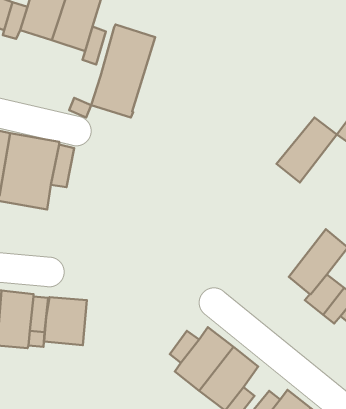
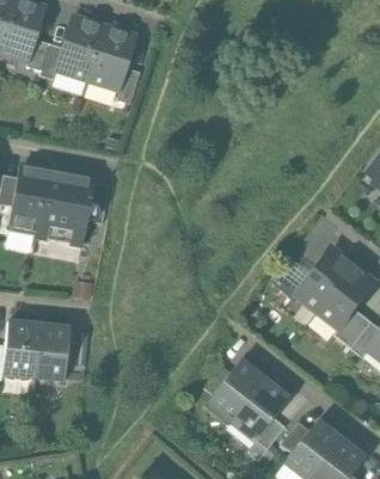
building: [91,24,155,118] -> none
building: [277,117,337,182] -> [295,247,354,311]
building: [44,297,87,345] -> none

